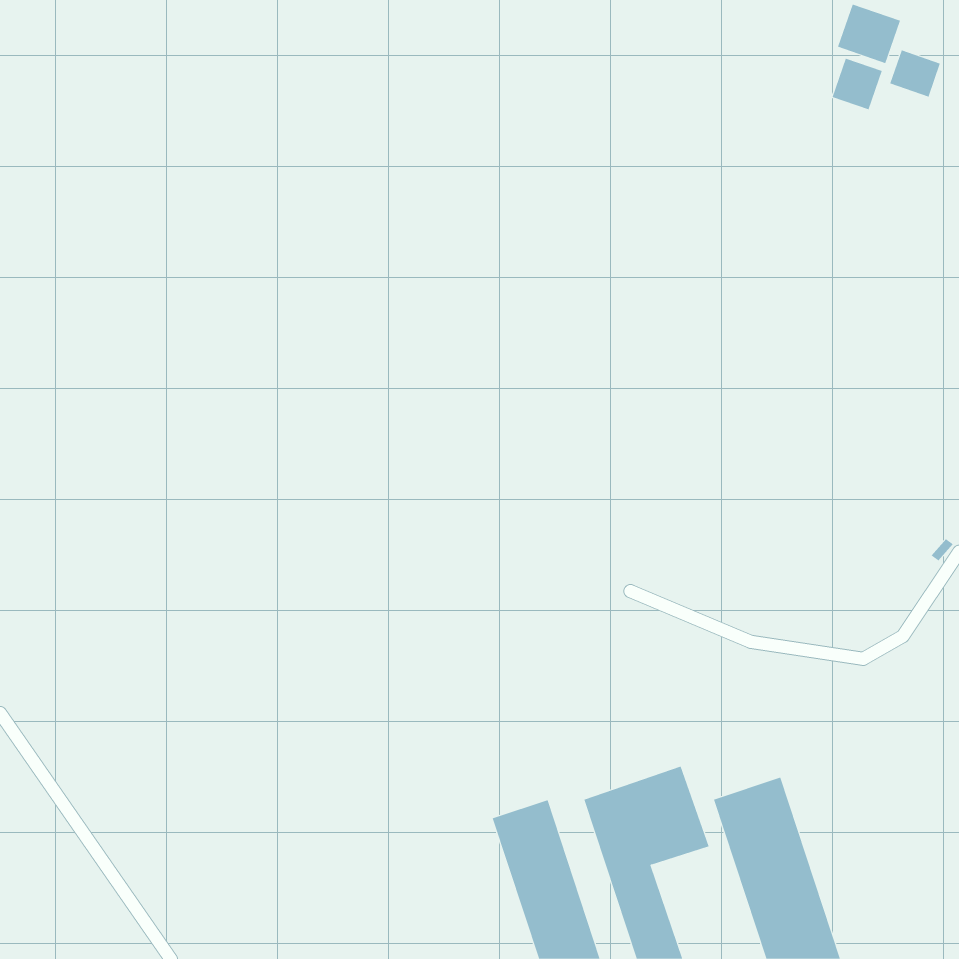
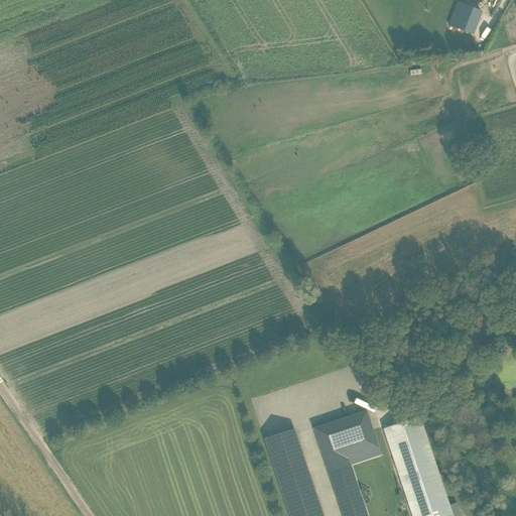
building: [889,49,941,98] -> none
building: [832,58,883,110] -> none

